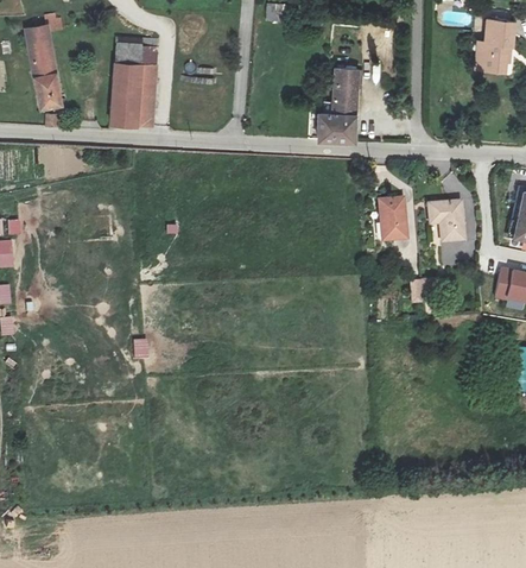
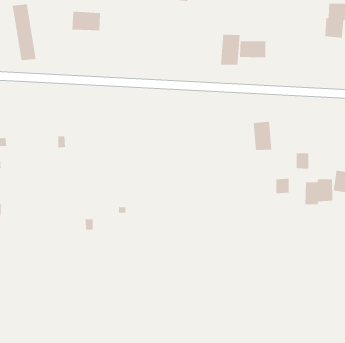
building: [110,63,157,125] -> none
building: [318,114,357,139] -> [239,41,266,58]
building: [430,197,464,236] -> none
building: none -> [305,179,333,205]

